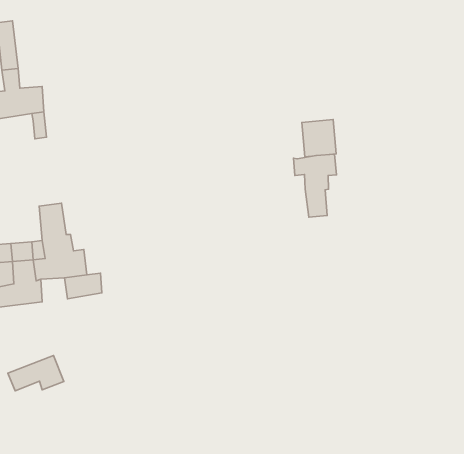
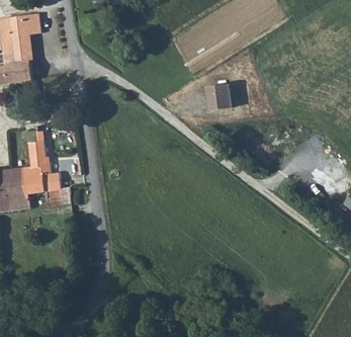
building: none -> [10,13,41,63]
building: [294,154,336,217] -> none
building: [8,355,64,391] -> none

